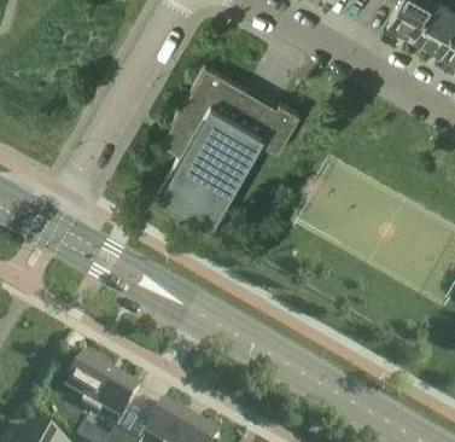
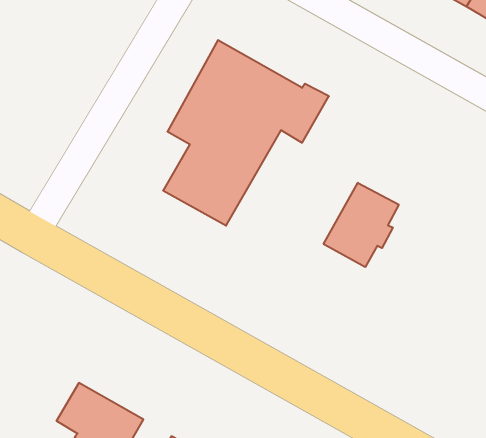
building: none -> [324,183,399,267]

